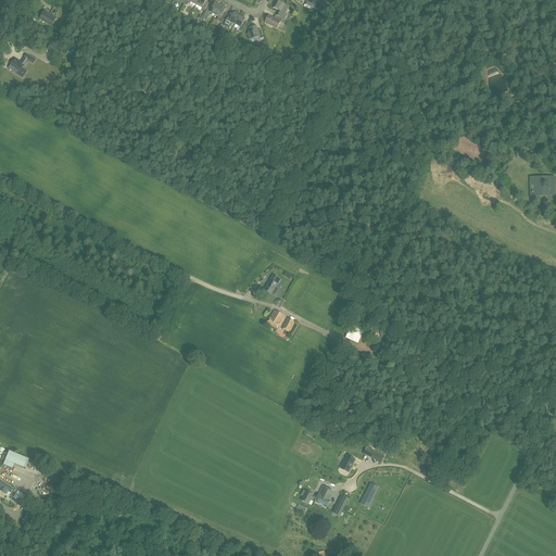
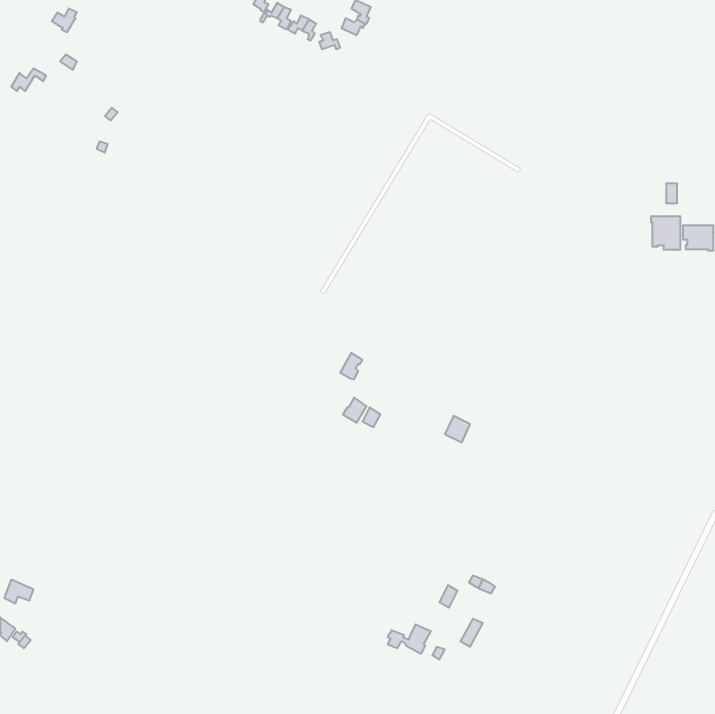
building: none -> [651,216,680,250]

